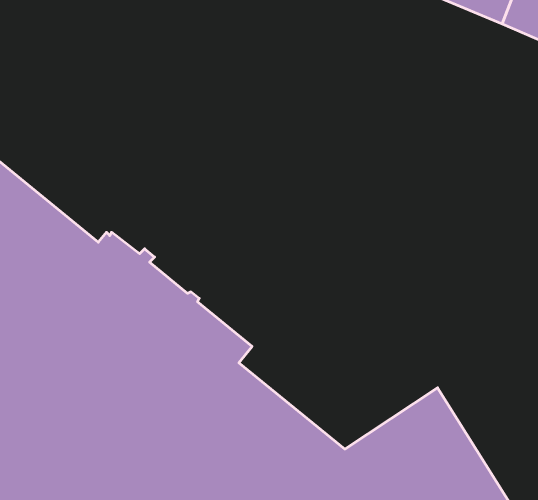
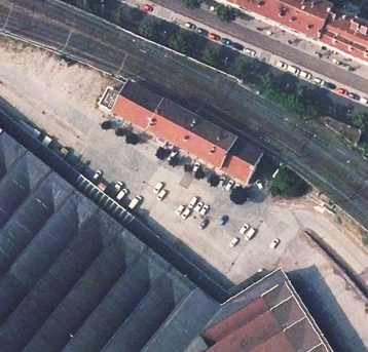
building: none -> [99,81,261,181]

